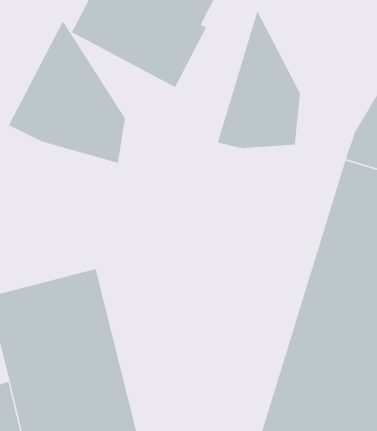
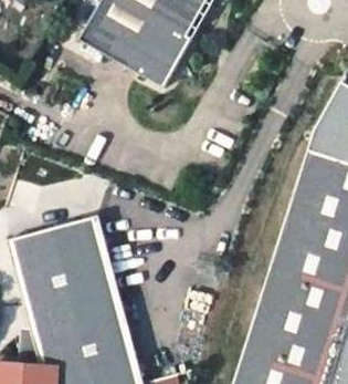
building: [217,9,301,149] -> none
building: [8,20,126,164] -> none

